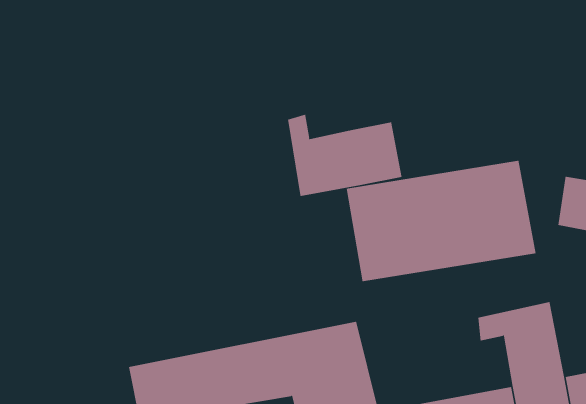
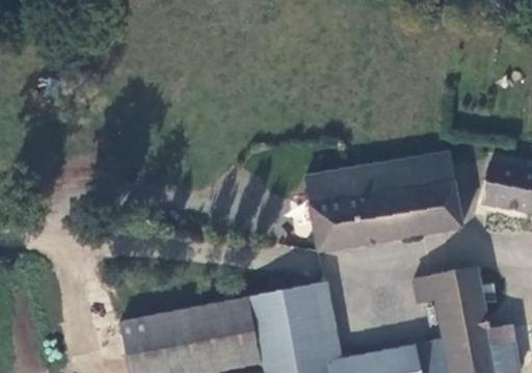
building: [287,114,402,197] -> none

